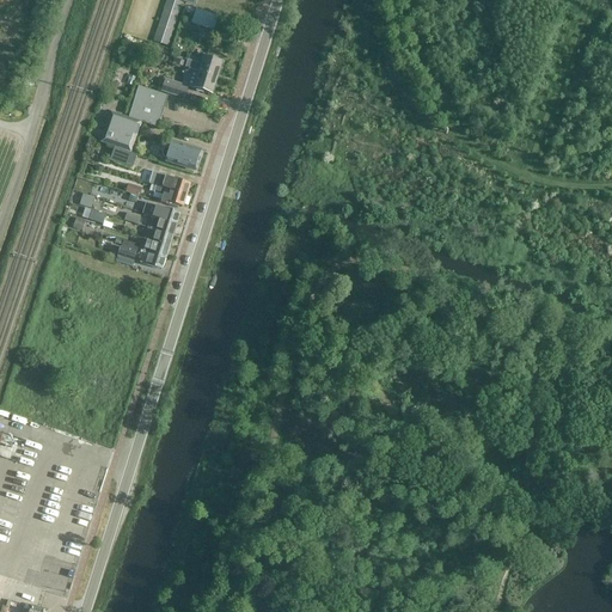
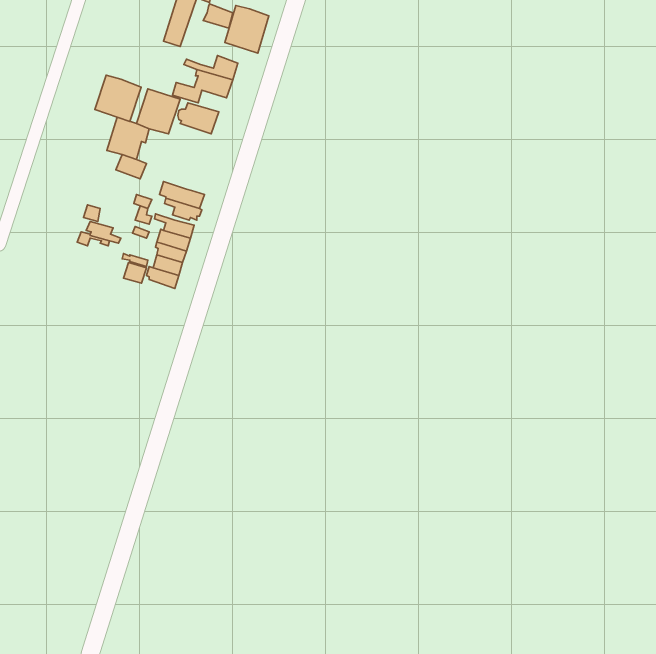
building: none -> [225,6,269,53]
building: none -> [95,75,141,121]
building: [161,139,200,167] -> [178,103,219,134]

